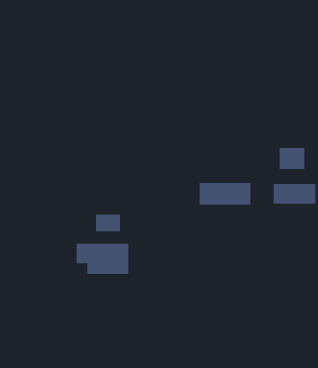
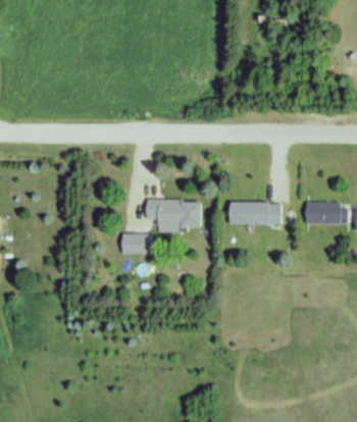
building: [279,147,305,170] -> none
building: [76,243,129,275] -> [146,200,201,232]

